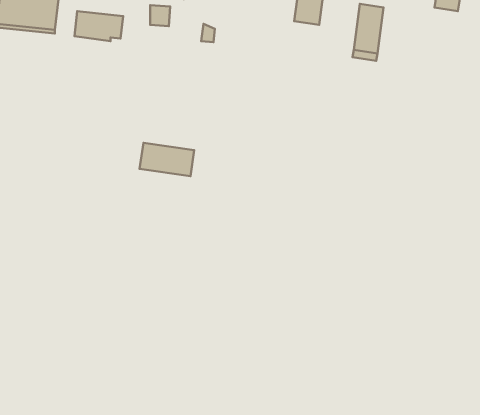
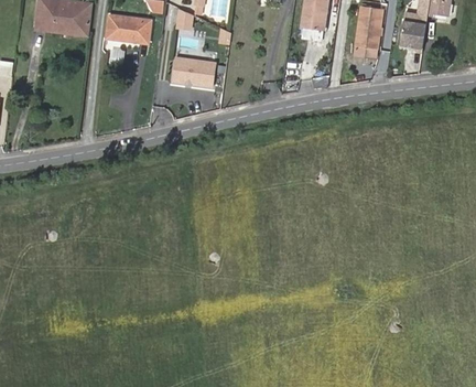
building: none -> [399,19,425,50]
building: [140,143,194,176] -> [170,56,218,86]

